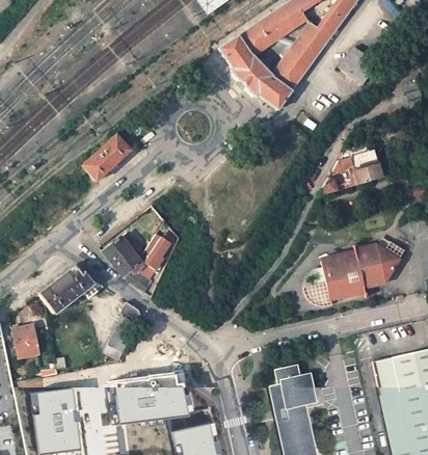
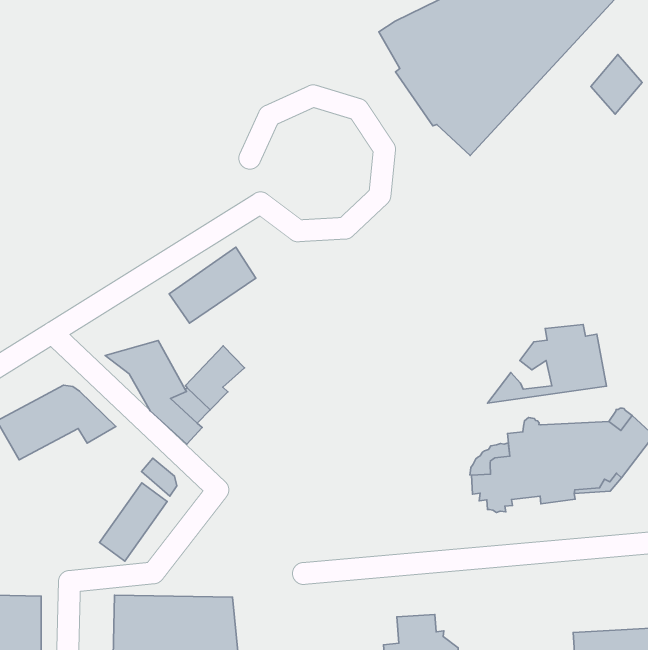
building: [83,134,130,180] -> [169,247,256,323]
building: [318,144,382,195] -> [488,325,606,403]

